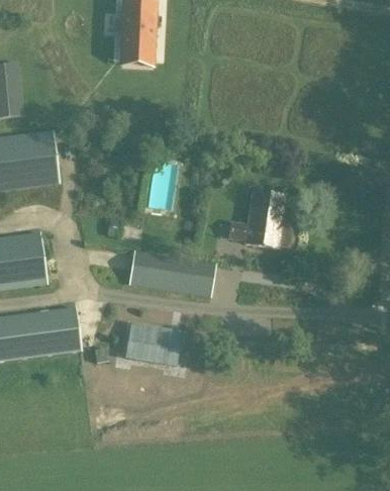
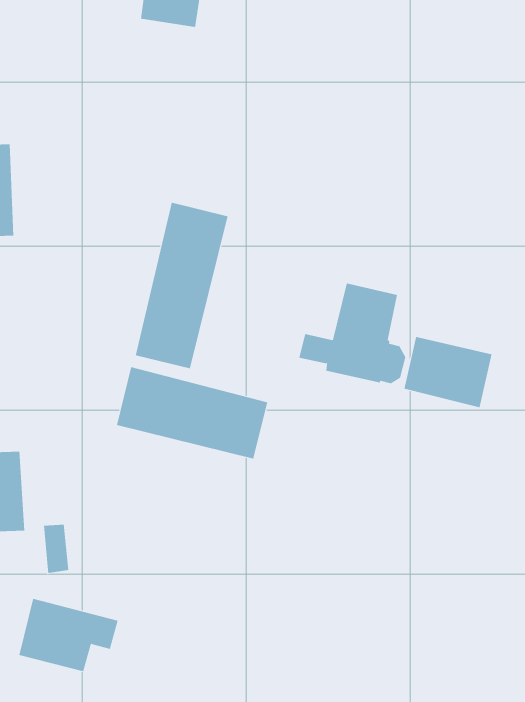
building: none -> [135,202,228,369]
building: none -> [404,336,492,408]
building: [126,326,182,366] -> [18,598,119,672]

